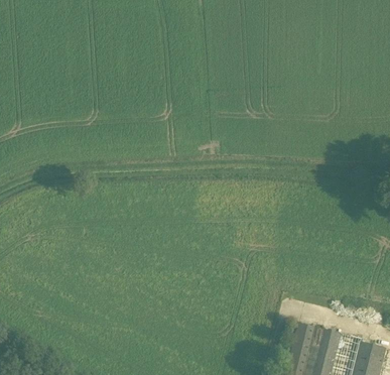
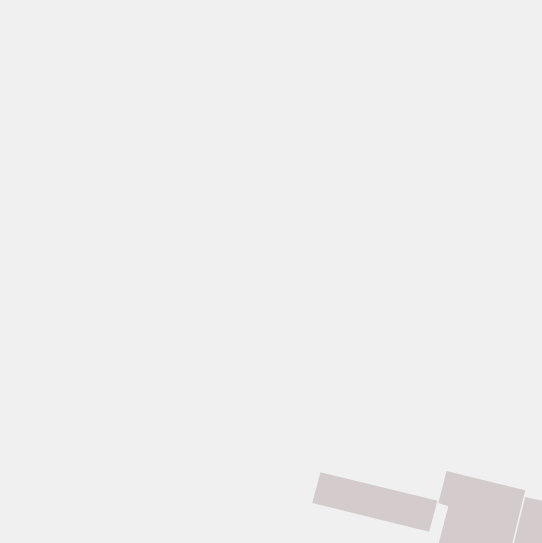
building: none -> [311,471,438,532]

